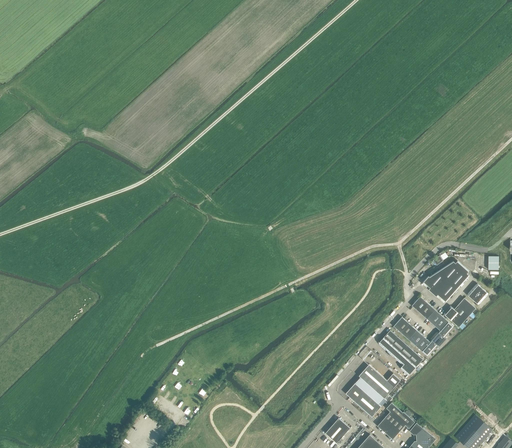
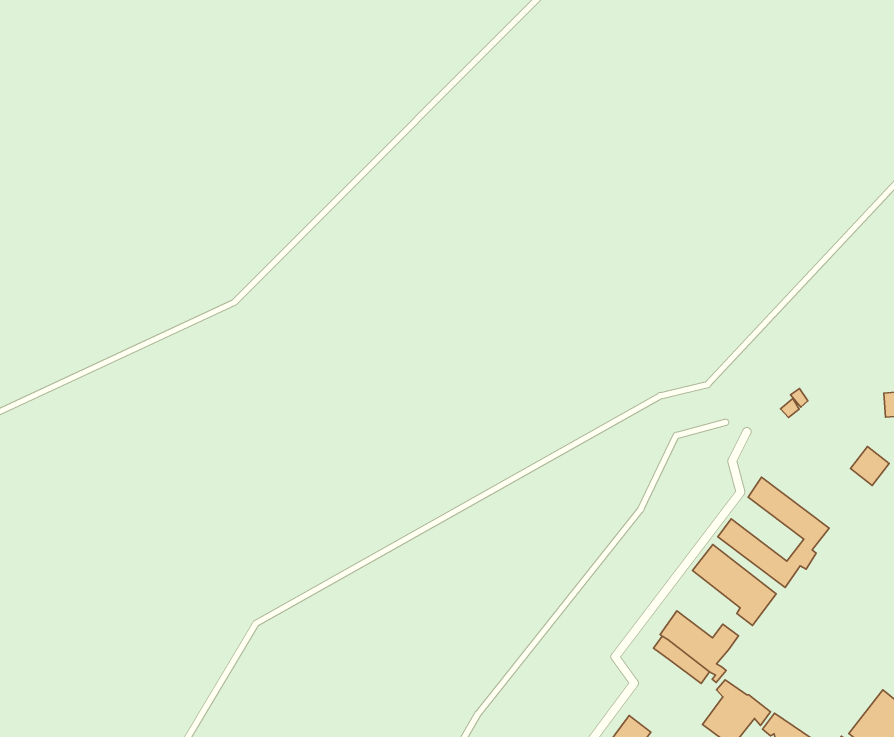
building: [423,261,468,301] -> none
building: [443,298,475,327] -> none
building: [345,383,381,417] -> none

